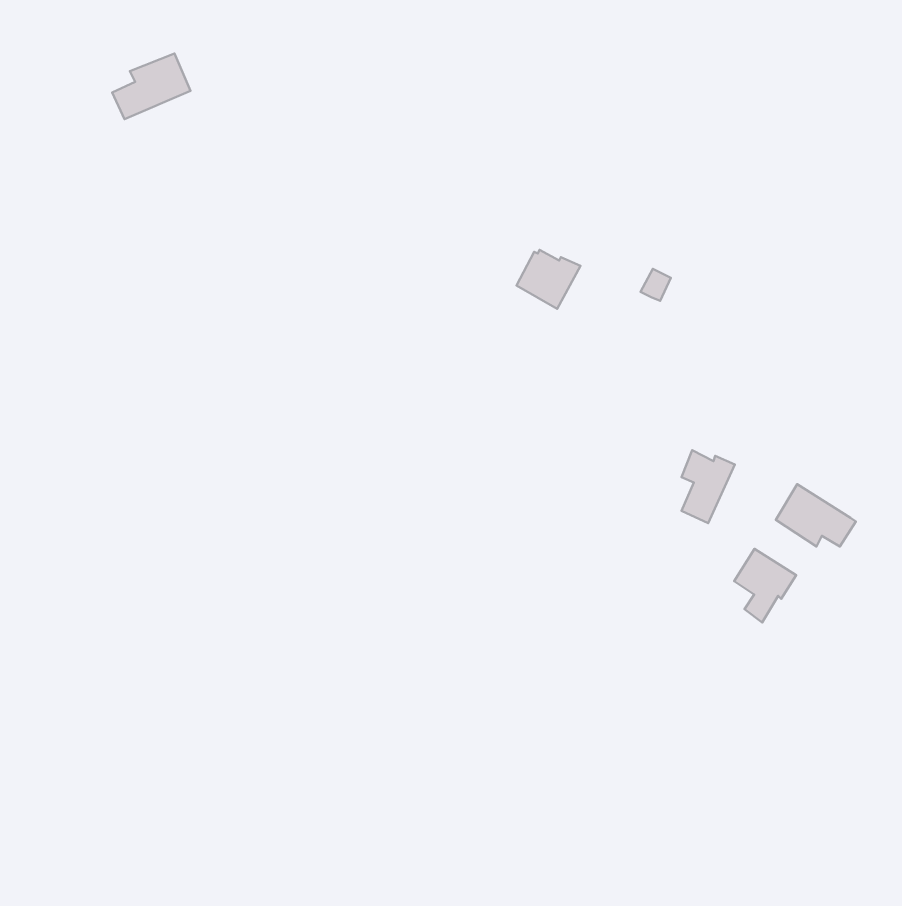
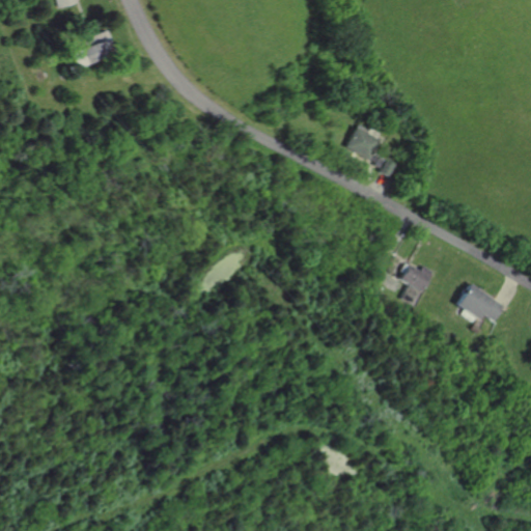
building: [516,250,580,309] -> [345,124,383,159]
building: [734,549,796,622] -> none

